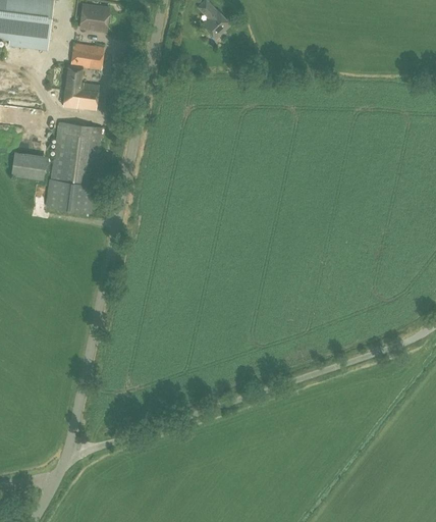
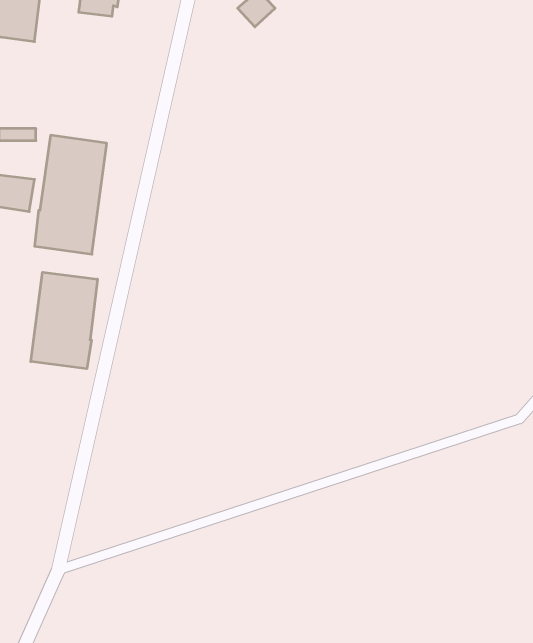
building: [62,43,103,110] -> none
building: none -> [31,272,97,369]

